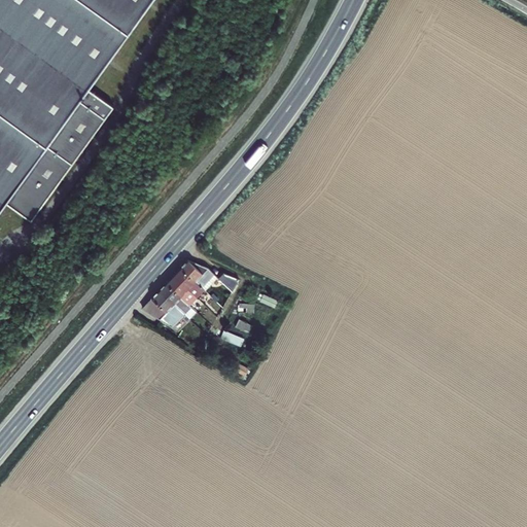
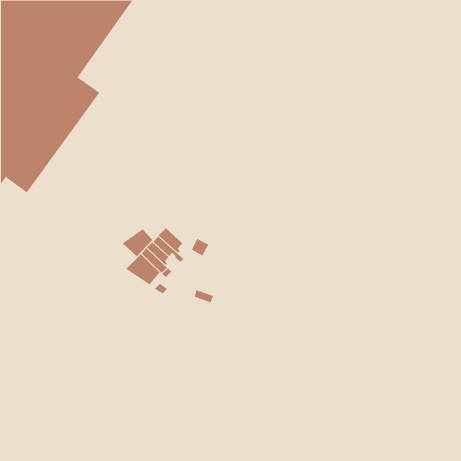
building: none -> [122,229,153,257]

